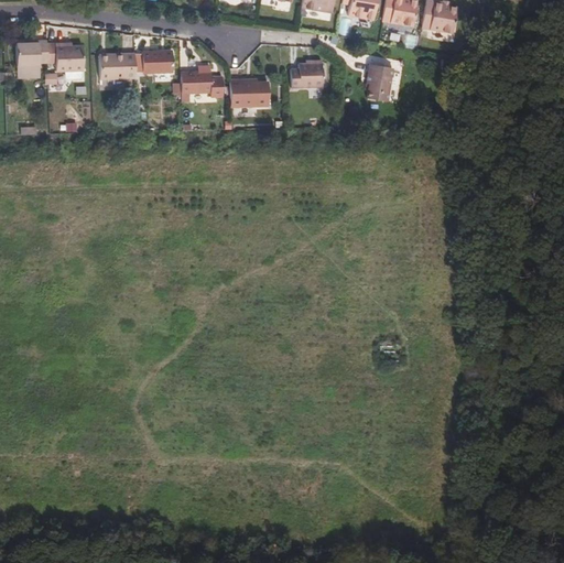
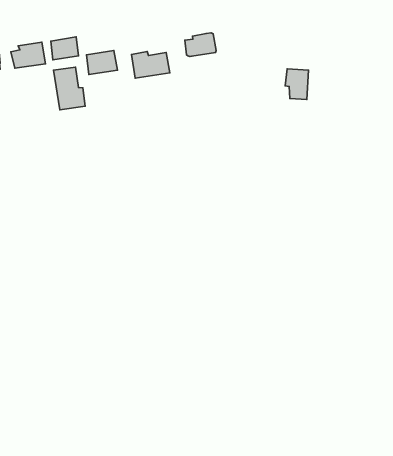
building: [365,61,392,97] -> [285,69,308,99]
building: none -> [53,67,85,110]

